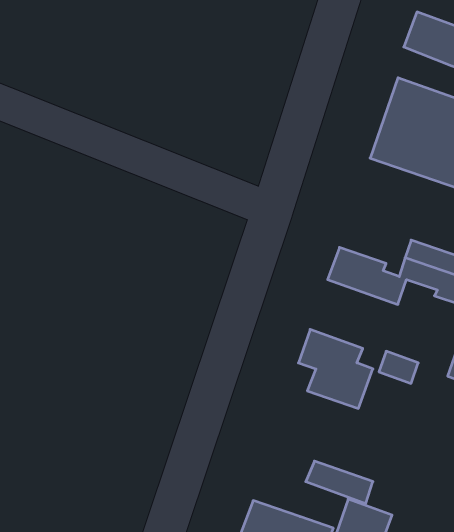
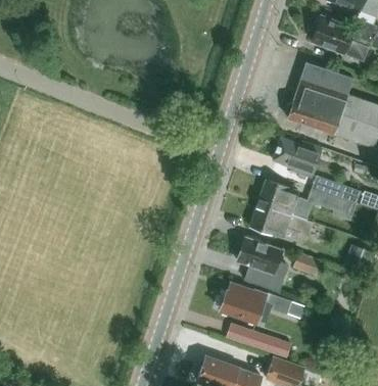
building: none -> [273,138,321,178]
building: none -> [249,203,313,243]
building: none -> [220,284,291,323]

